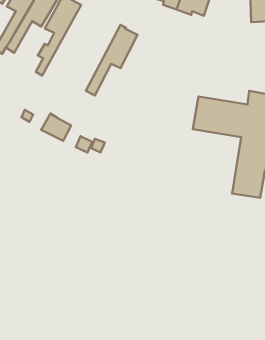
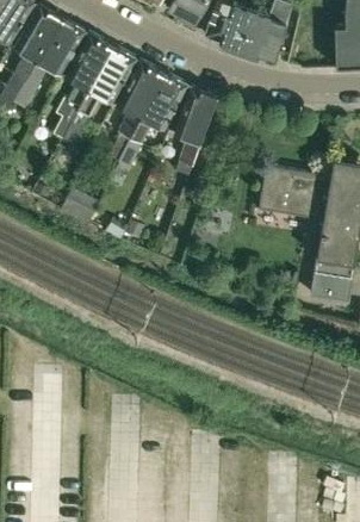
building: none -> [61,46,135,147]
building: none -> [107,61,163,160]
building: none -> [174,87,216,176]

